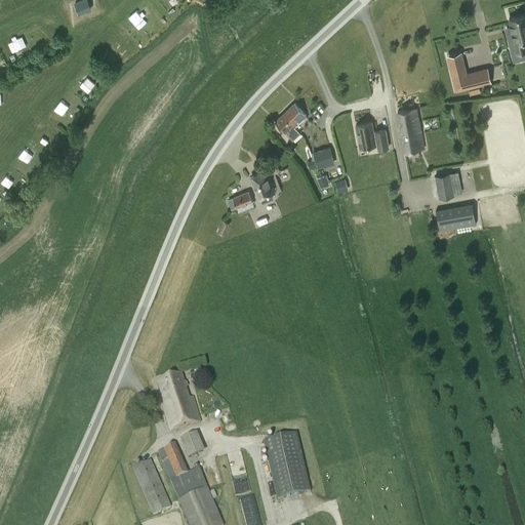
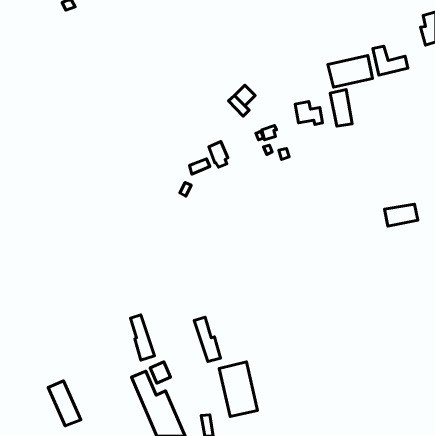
building: none -> [328,55,373,87]
building: [436,171,459,197] -> none
building: [437,204,477,231] -> [385,204,418,226]
building: [170,374,202,428] -> [194,317,221,362]
building: [133,461,172,516] -> [48,381,81,426]

